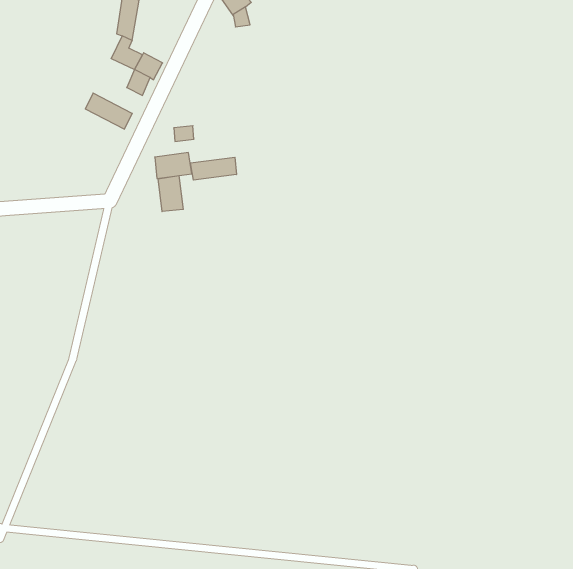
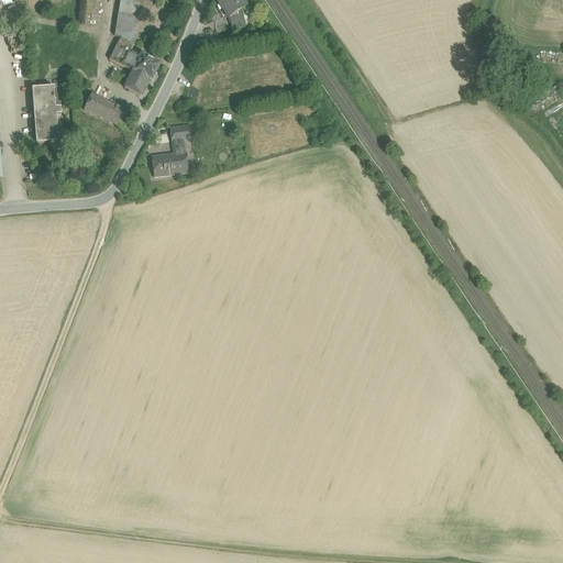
building: none -> [32,85,60,141]
building: [191,157,236,180] -> none
building: [158,176,183,212] -> none

